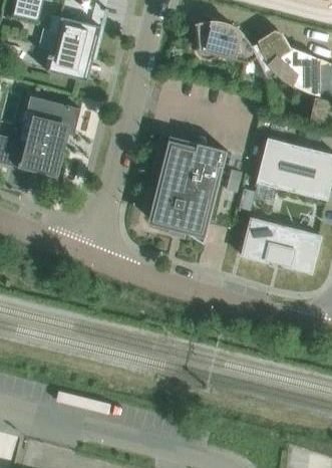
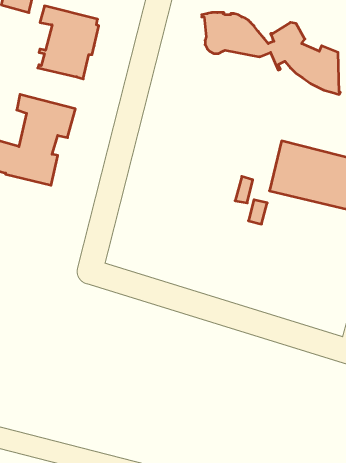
building: [150,136,227,244] -> none
building: [242,218,321,273] -> none

